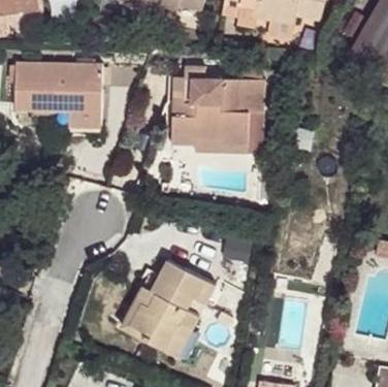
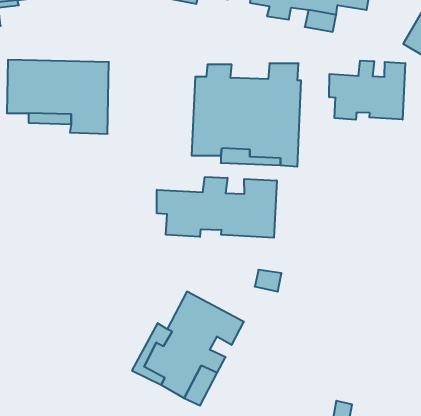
building: none -> [329,61,405,120]
building: none -> [157,177,277,238]

